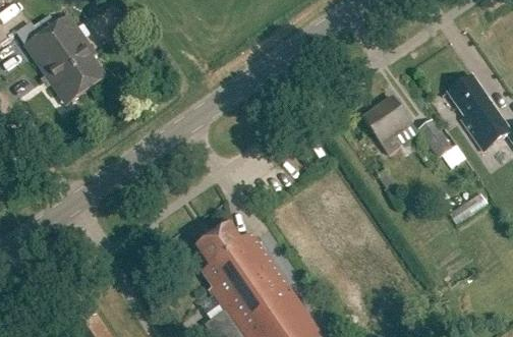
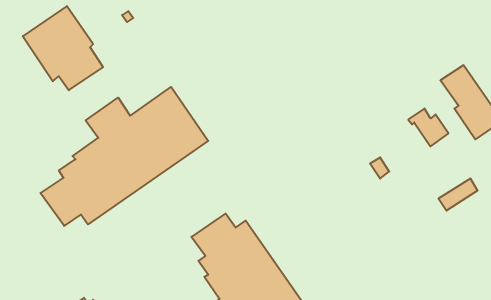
building: [362,95,411,152] -> none
building: none -> [40,87,208,226]

